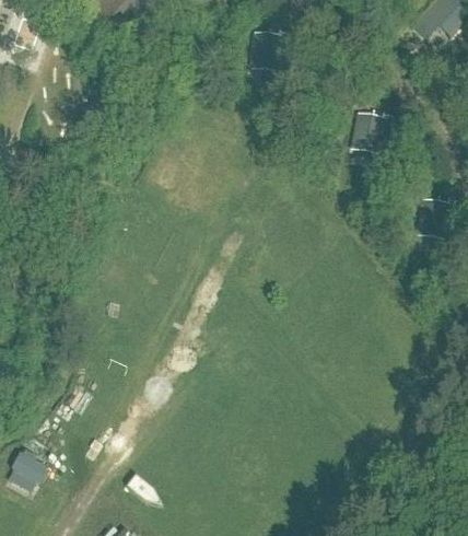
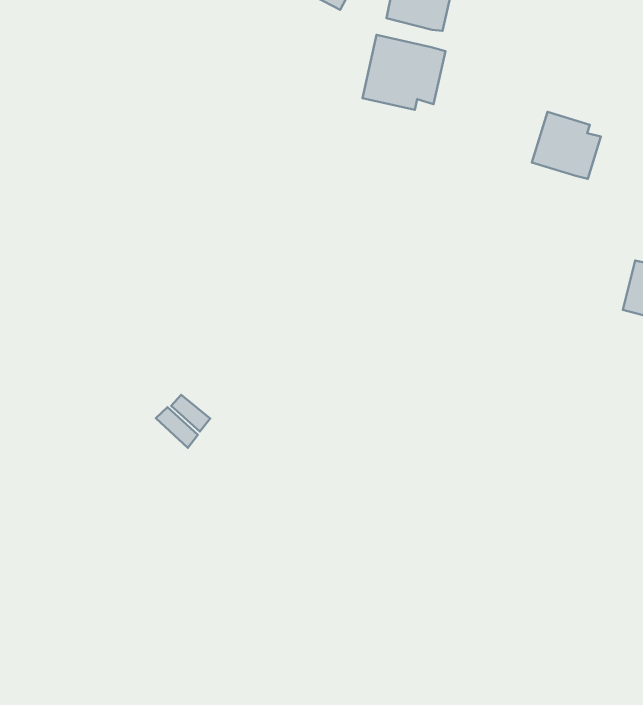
building: none -> [362,35,445,110]

